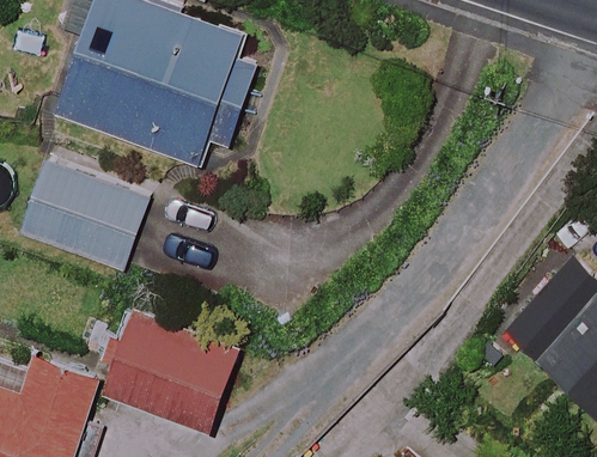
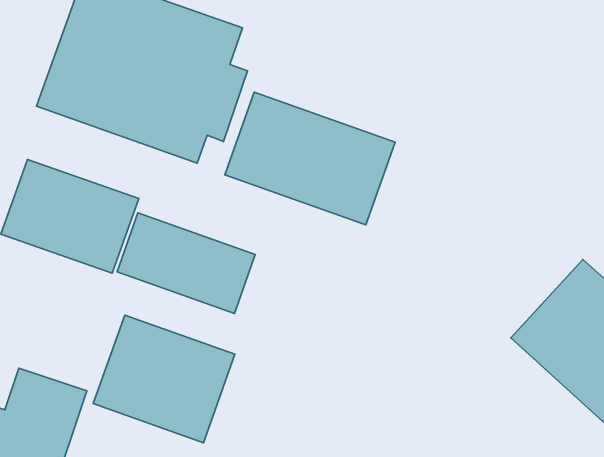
building: none -> [225,92,395,225]
building: none -> [117,213,255,314]

